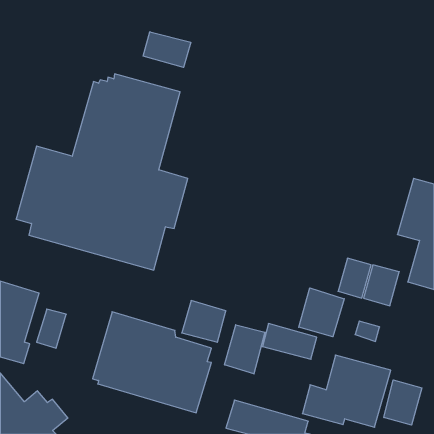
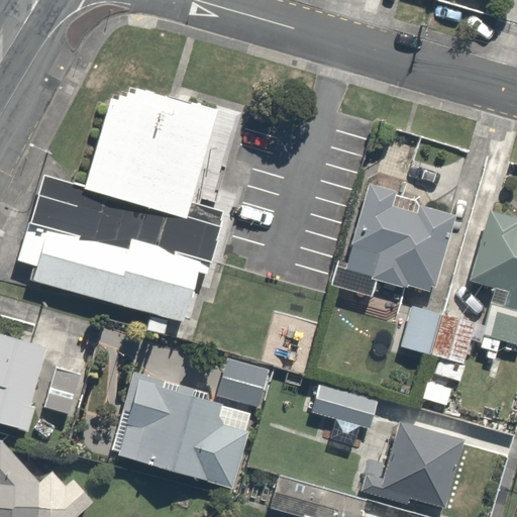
building: [143,32,191,67] -> none
building: none -> [331,185,456,297]
building: [299,288,344,337] -> none
building: [225,325,265,374] -> none
building: [384,380,422,425] -> none

